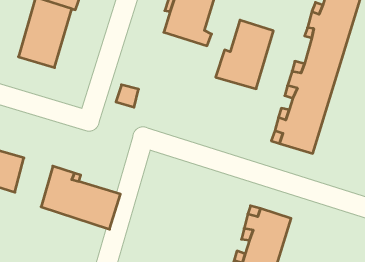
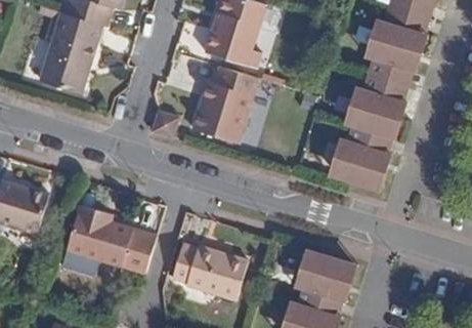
building: [216,20,273,89] -> [191,66,257,143]
building: none -> [171,244,249,300]

